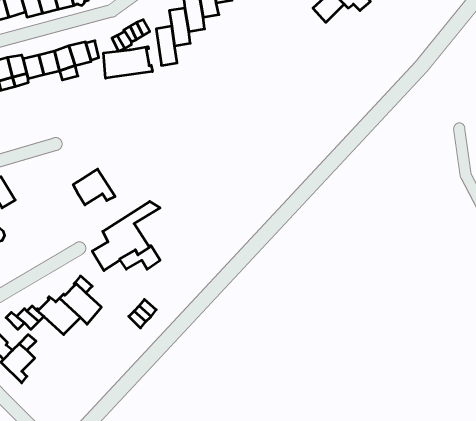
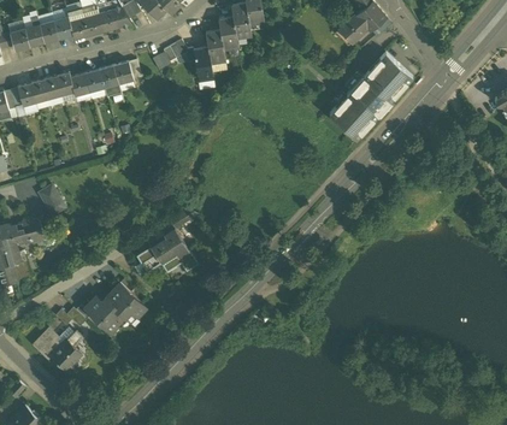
building: none -> [328,53,412,140]
building: [104,47,152,78] -> none
building: [73,169,115,205] -> none

